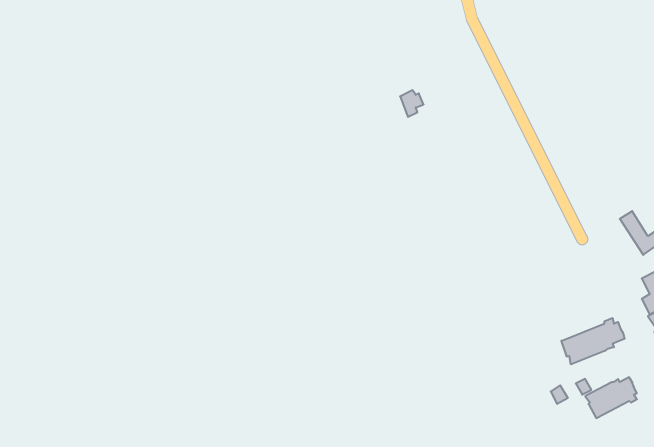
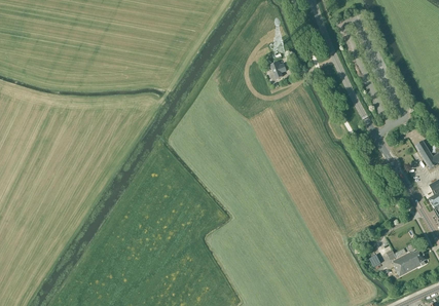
building: [561,318,625,364] -> none

